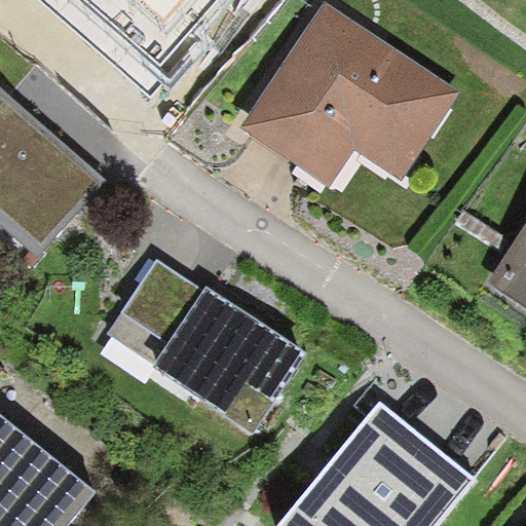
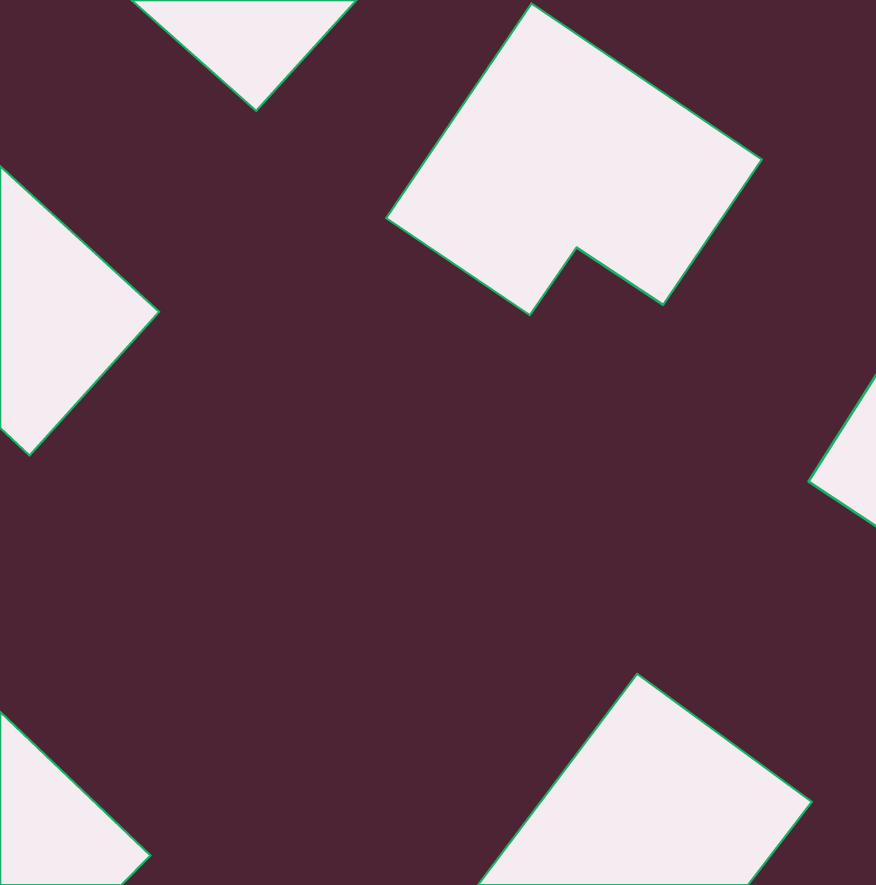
building: [92,248,305,441] -> none

